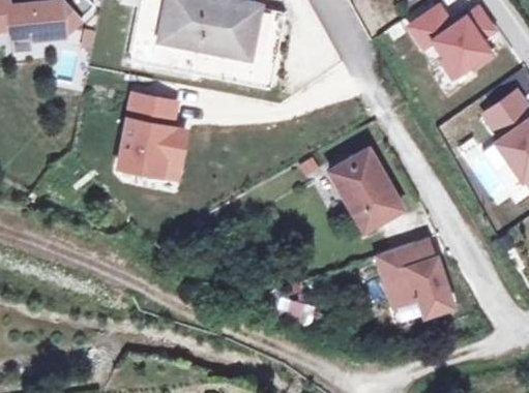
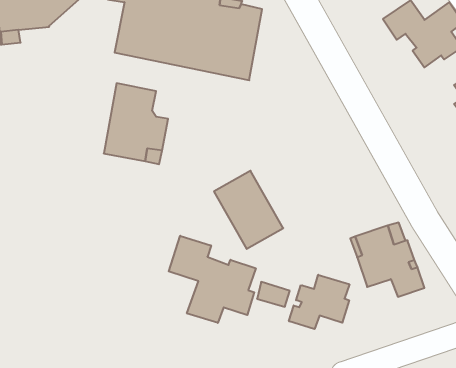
building: [330,148,403,230] -> [214,171,283,249]
building: none -> [169,236,256,323]
building: none -> [289,275,349,329]

